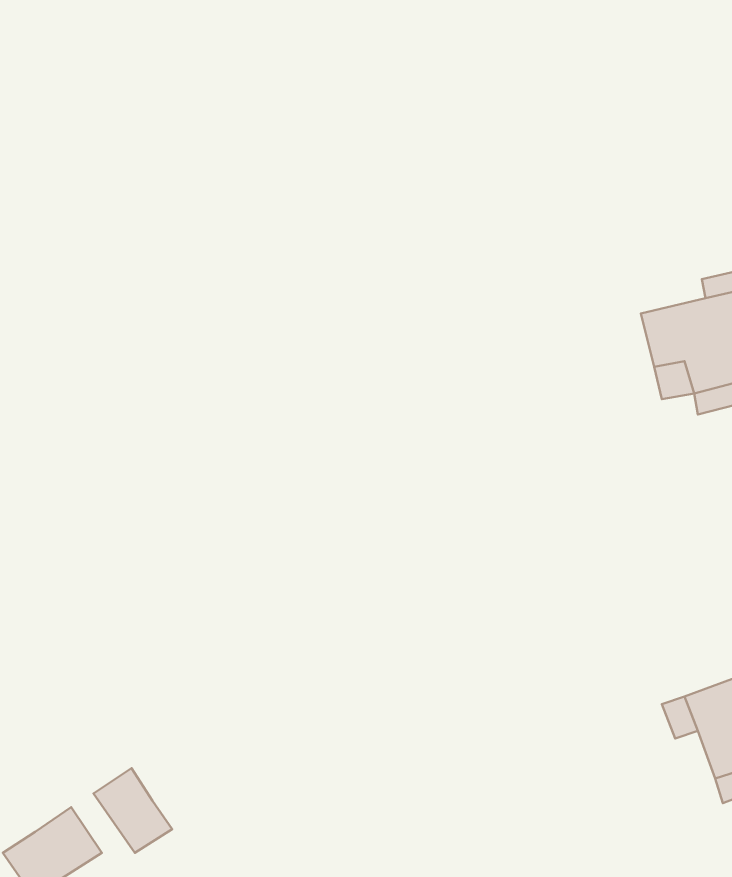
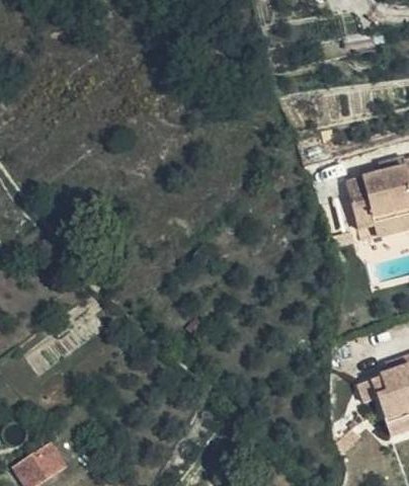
building: [94,768,172,853] -> none

